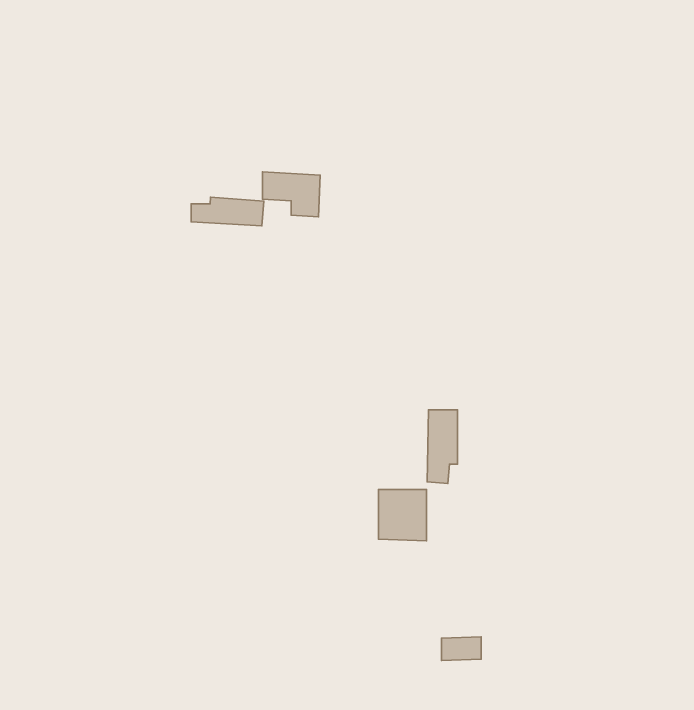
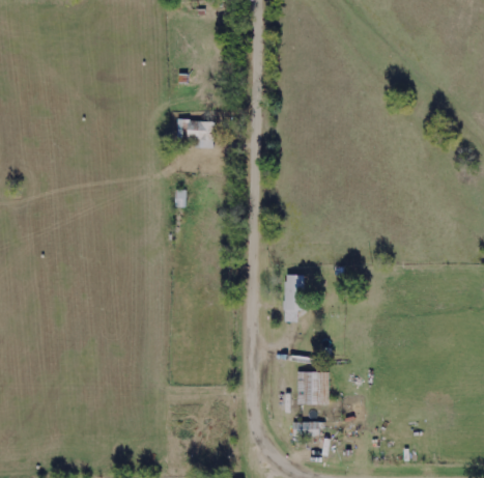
building: [191,197,264,226] -> none
building: [379,490,426,541] -> [297,371,329,404]

